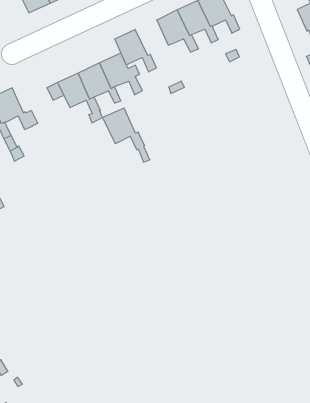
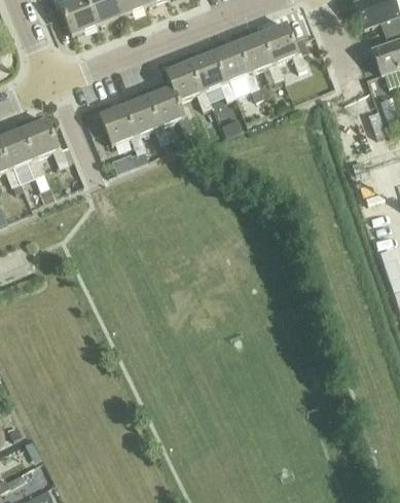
building: [103,108,150,162] -> [190,49,241,111]

